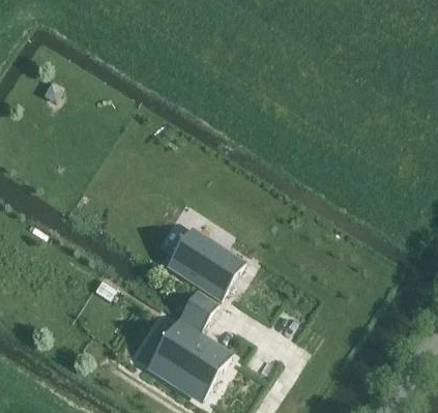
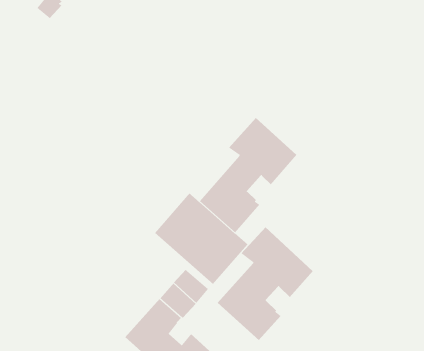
building: none -> [199,117,297,233]
building: none -> [217,226,313,341]

